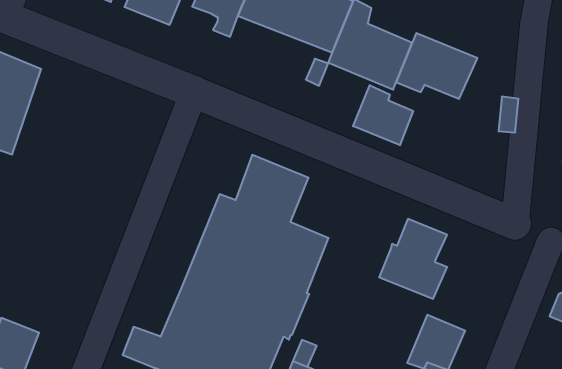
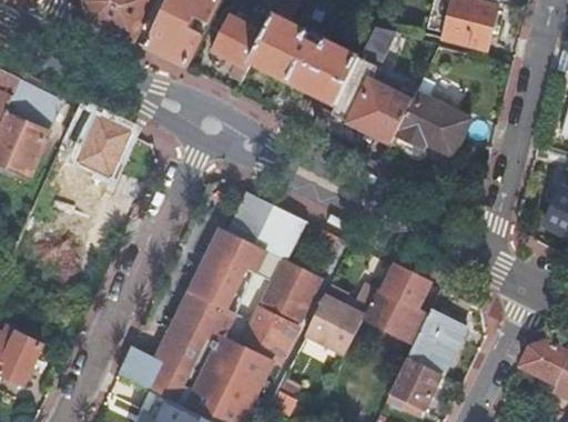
building: none -> [64,111,132,177]
building: [353,85,413,145] -> none
building: none -> [304,284,376,355]
building: none -> [405,308,464,374]

